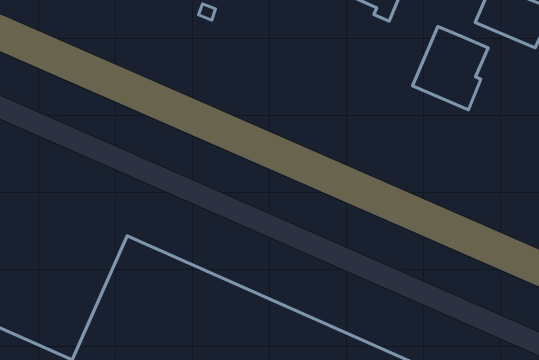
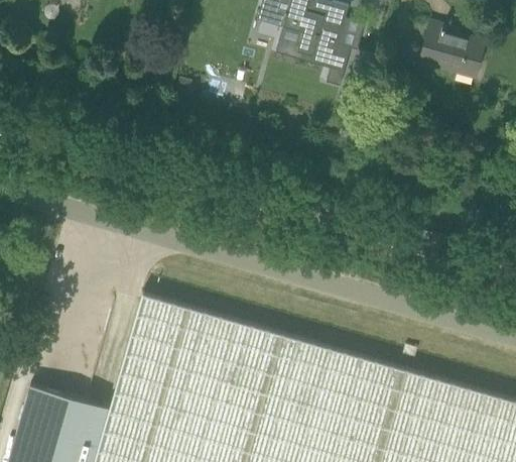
building: [412,27,488,110] -> none

